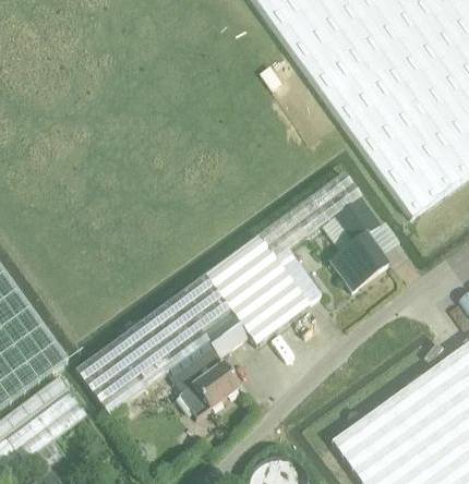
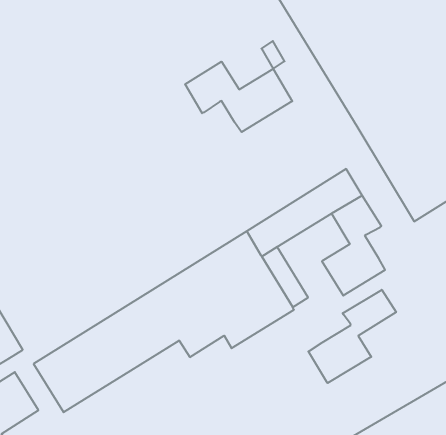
building: none -> [185,62,292,132]
building: none -> [308,290,396,383]
building: [165,339,239,415] -> none

